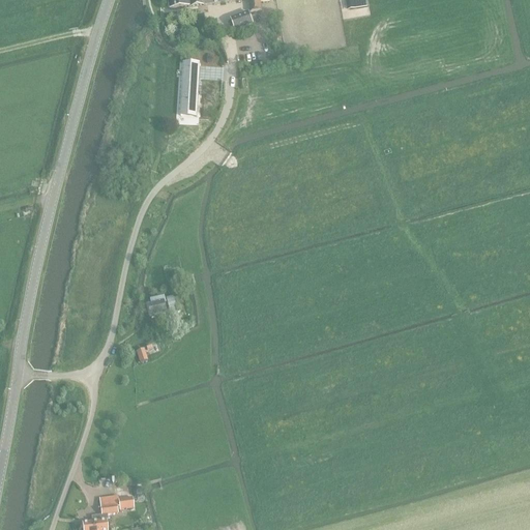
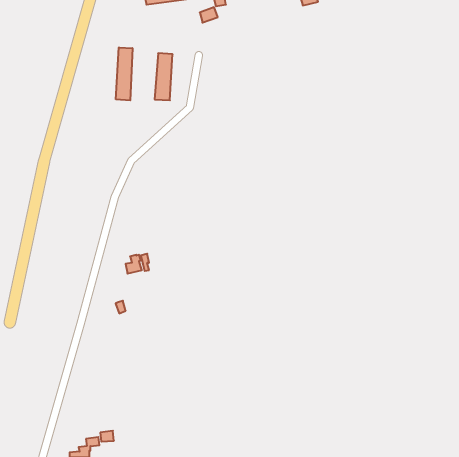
building: none -> [116,47,132,100]

